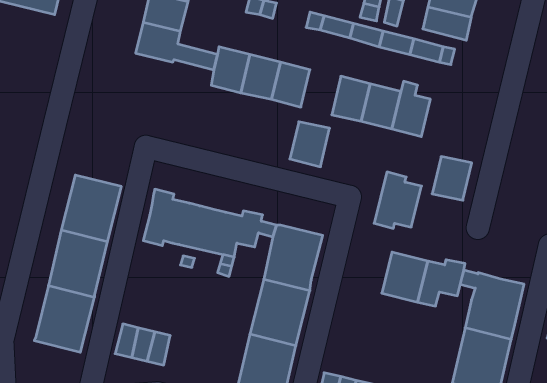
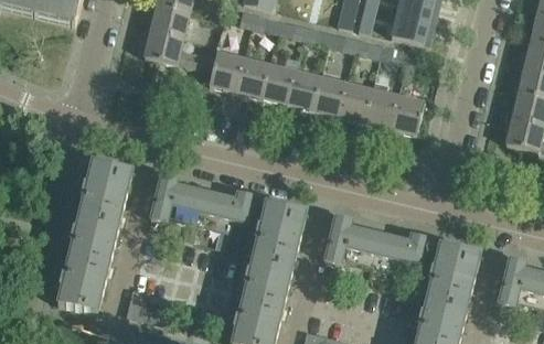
building: [290,122,330,167] -> [286,71,320,109]
building: [432,157,472,200] -> [390,96,424,133]
building: [374,172,422,228] -> [323,215,364,264]

